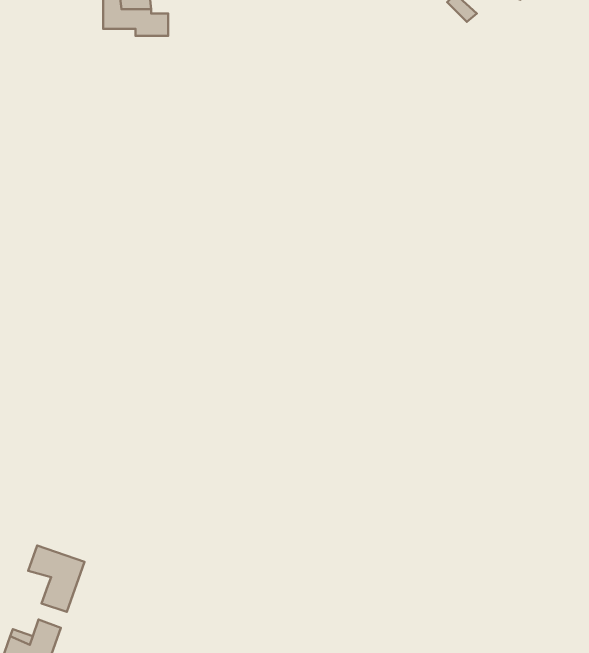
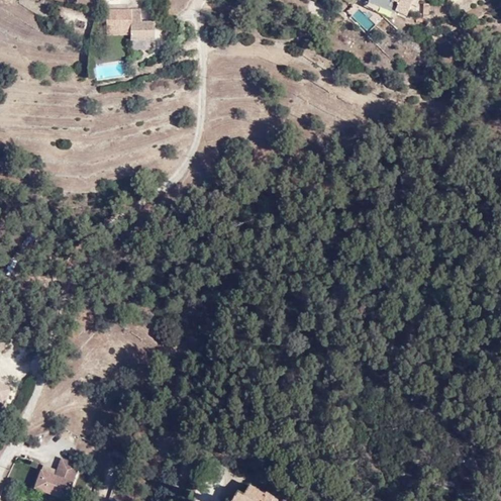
building: [28,546,85,612] -> none

